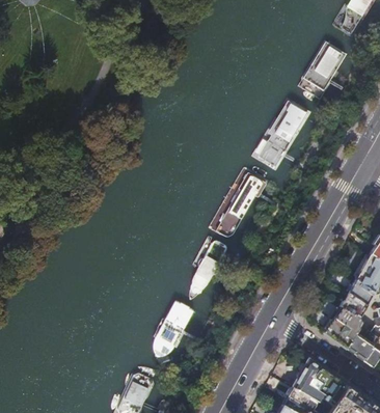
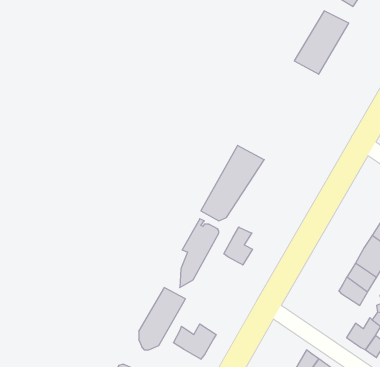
building: [252,100,314,172] -> none
building: none -> [224,227,252,265]
building: [323,306,359,348] -> none
building: none -> [173,324,216,359]

